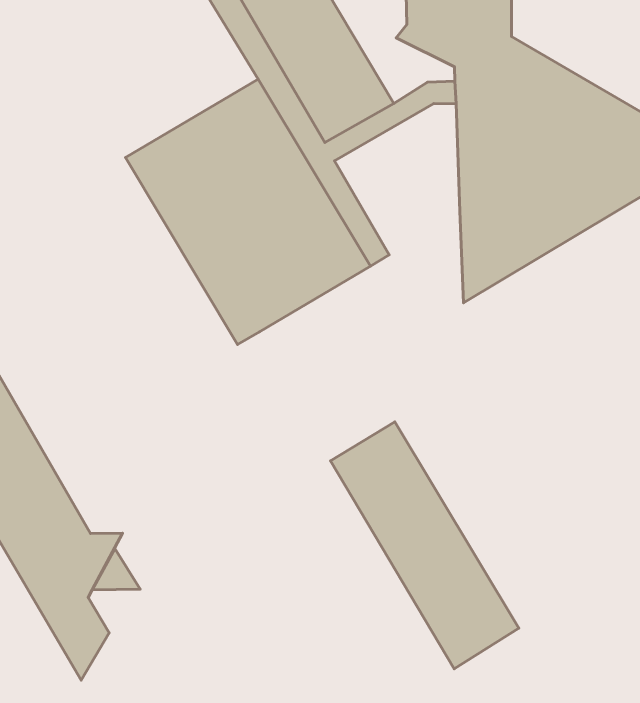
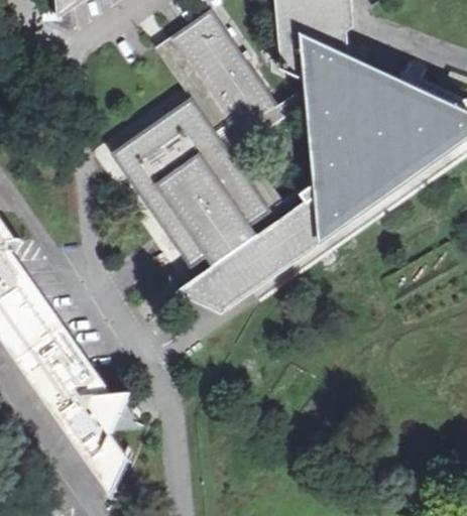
building: none -> [181,171,332,311]
building: [330,422,519,669] -> none

